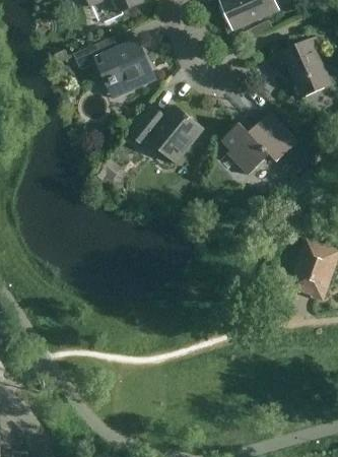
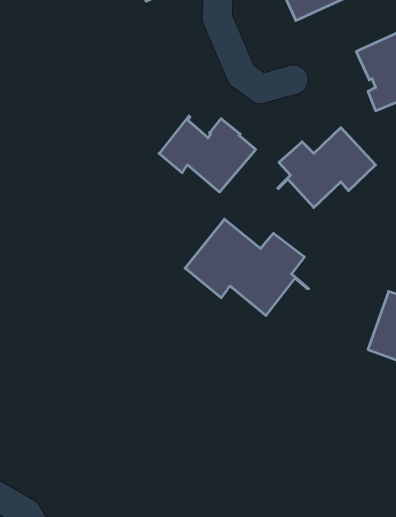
building: [74,37,156,94] -> none
building: none -> [185,219,309,316]

